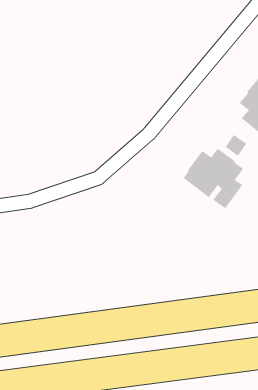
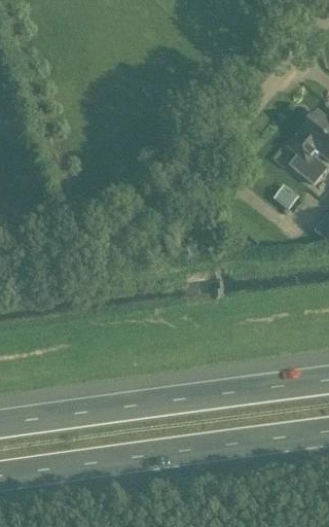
building: [183,148,244,209] -> none

